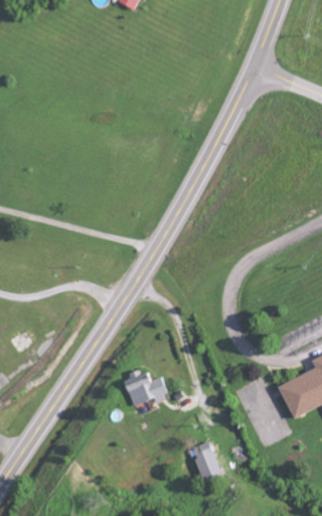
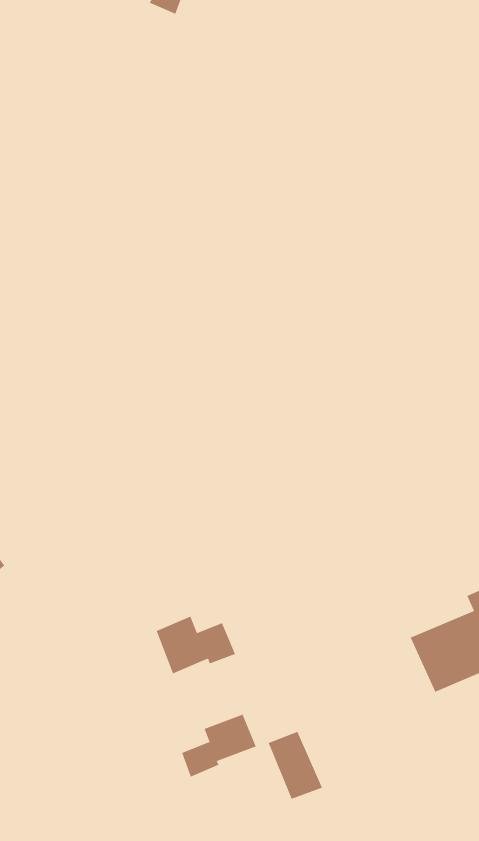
building: none -> [182,714,257,777]

